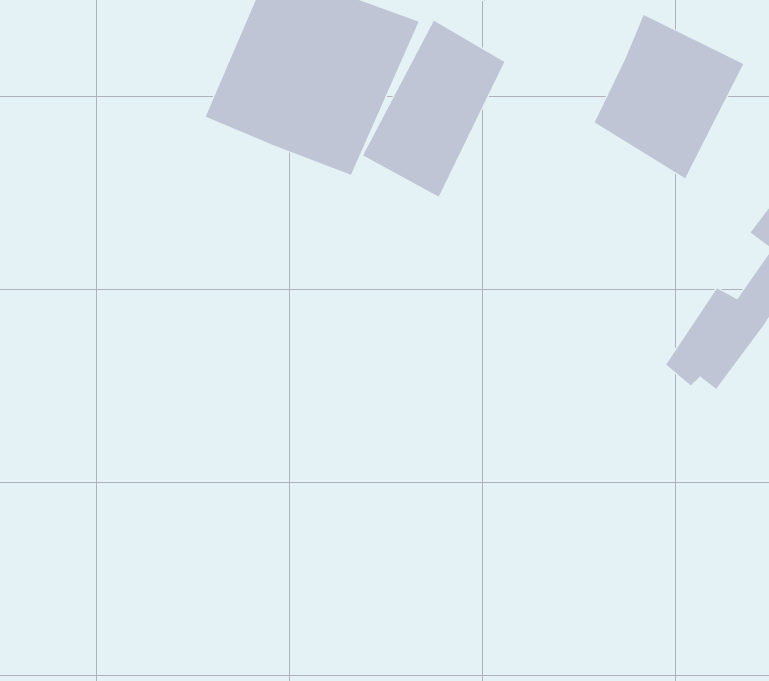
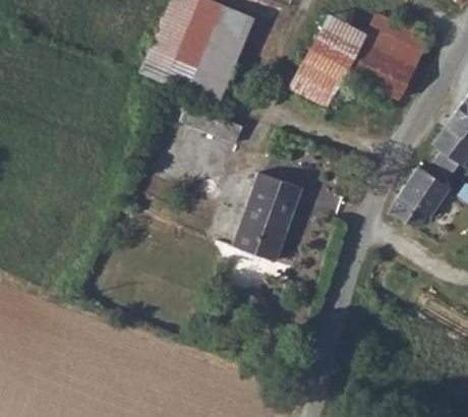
building: [362,20,505,198] -> [290,14,369,113]
building: none -> [236,169,301,255]

